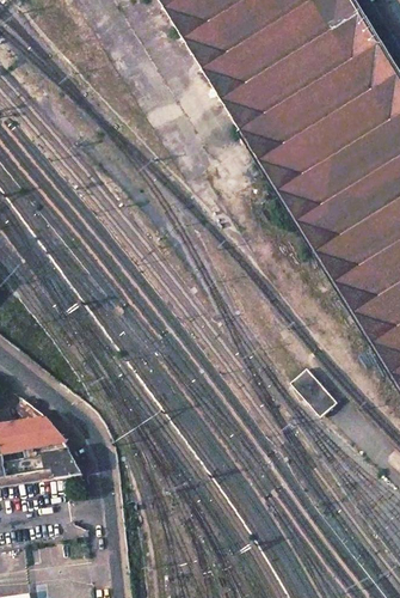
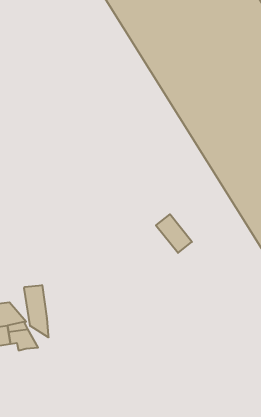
building: [291,367,338,417] -> [156,214,192,253]
building: none -> [24,285,49,337]

